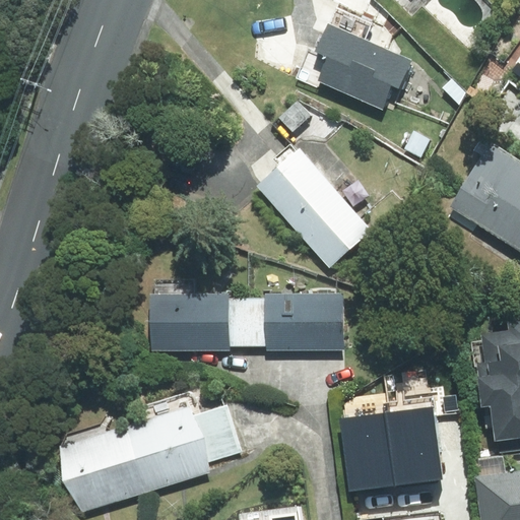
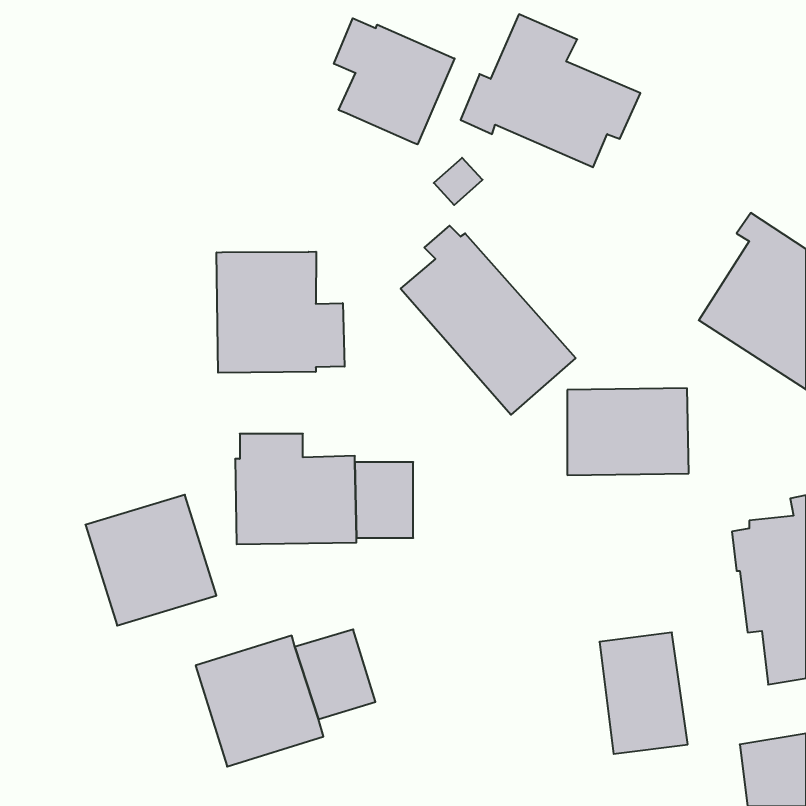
building: none -> [334,18,455,144]
building: none -> [217,252,345,373]
building: [266,294,344,349] -> [567,388,689,475]
building: [340,413,395,492] -> none
building: [62,429,146,513] -> [85,495,216,626]

